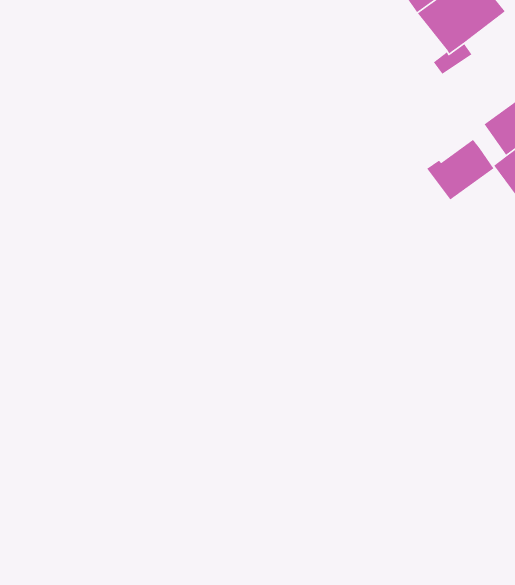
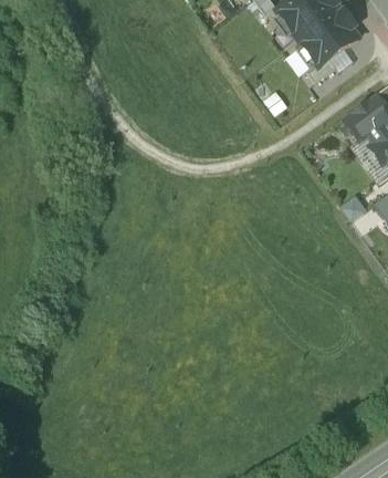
building: [426,139,495,201] -> none

